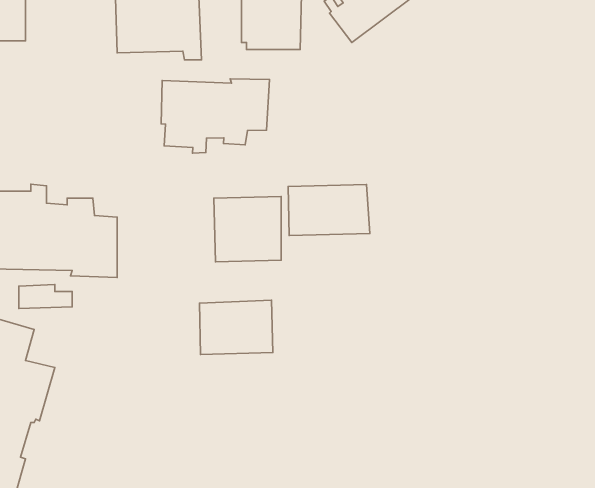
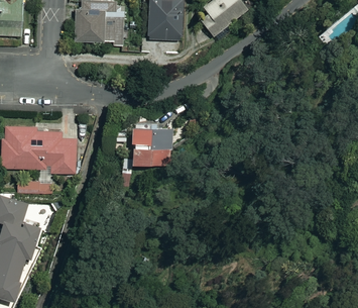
building: [161,79,269,153] -> none
building: [288,185,370,235] -> none
building: [199,300,273,354] -> none

